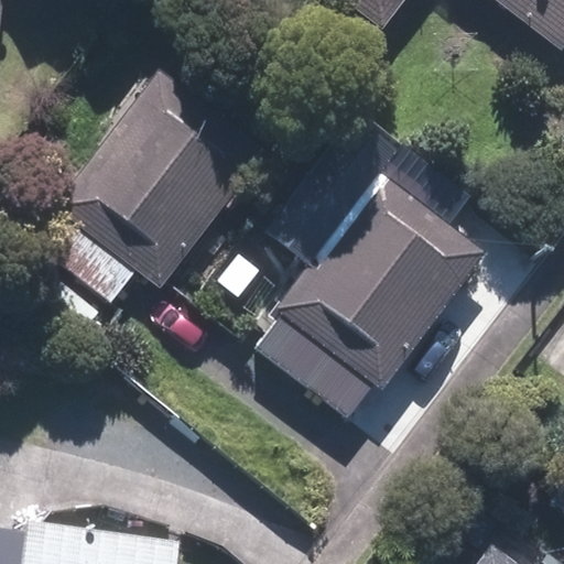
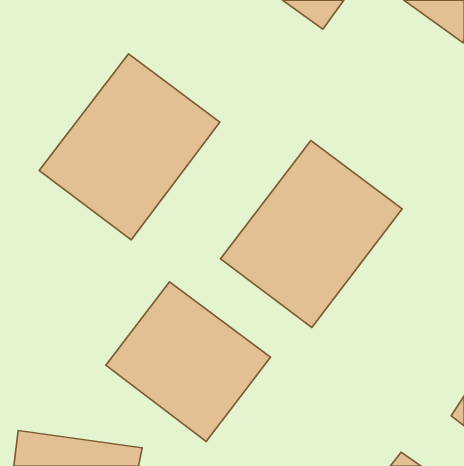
building: none -> [106,282,271,442]

